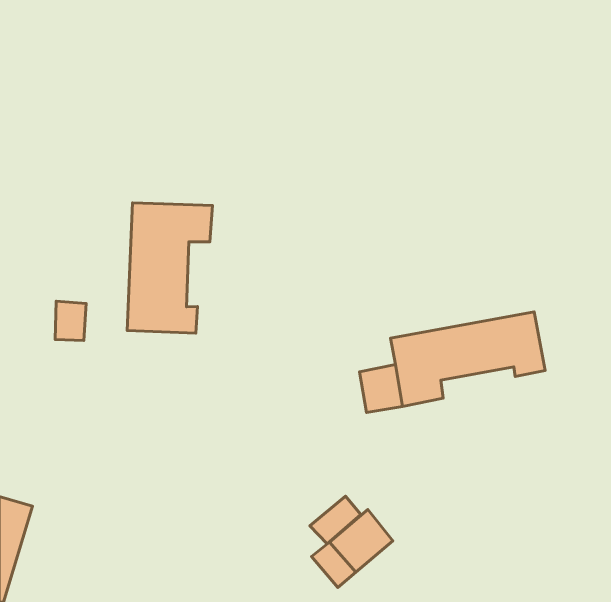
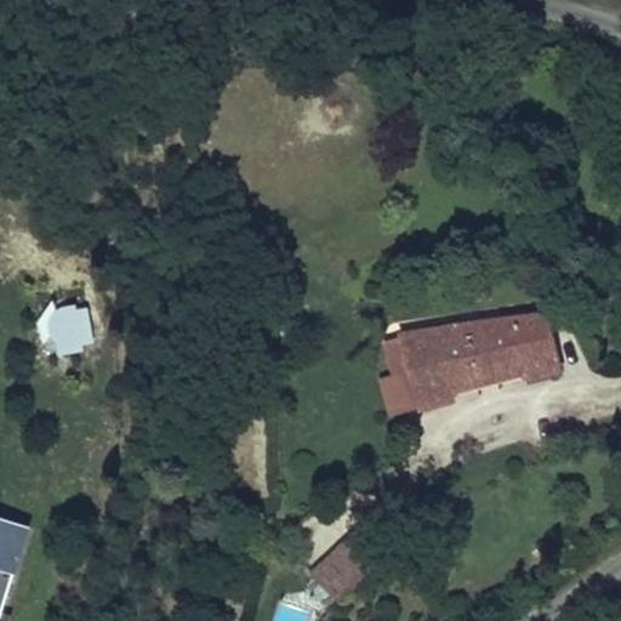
building: [127,203,212,333] -> none
building: [310,496,361,544] -> none

